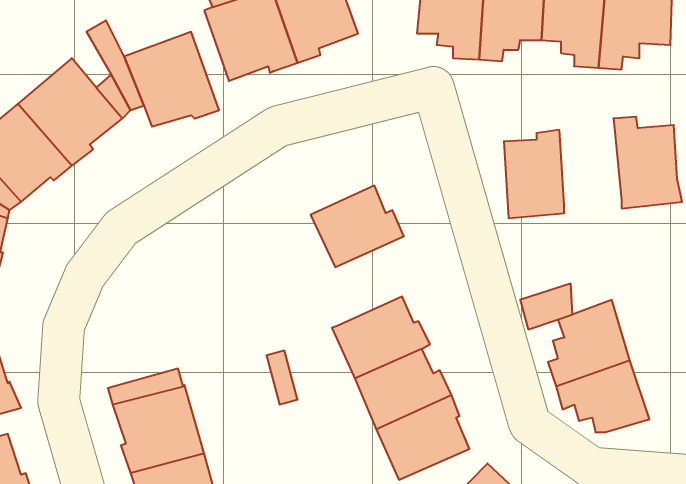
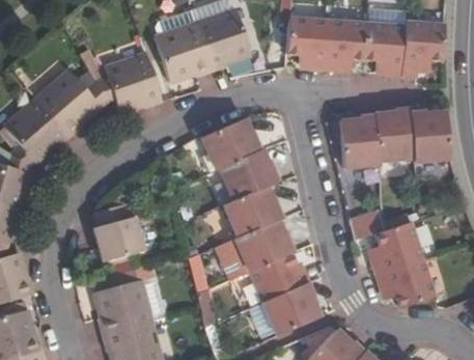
building: none -> [375,107,415,162]
building: none -> [200,119,258,170]
building: none -> [220,188,281,239]
building: none -> [92,202,143,259]

